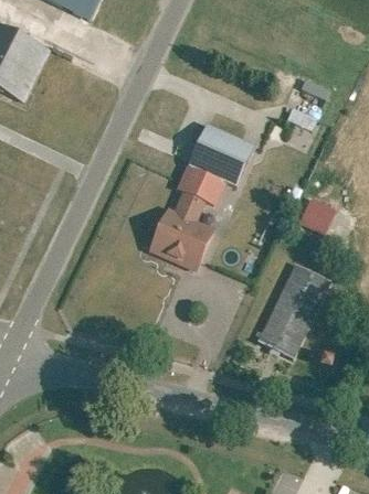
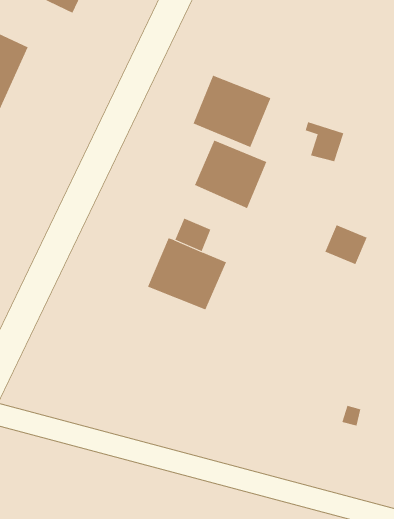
building: none -> [193,75,271,148]
building: [177,168,223,206] -> none
building: [257,262,331,356] -> none

